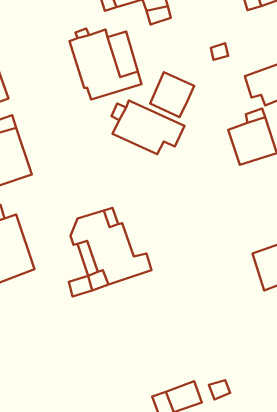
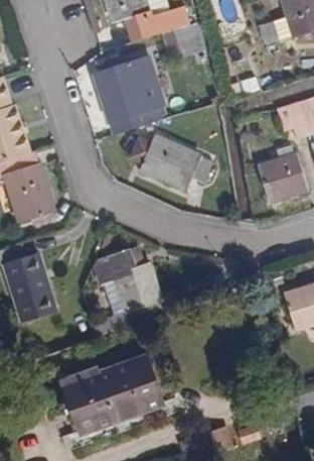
building: [150,72,194,117] -> none
building: none -> [63,355,162,432]

